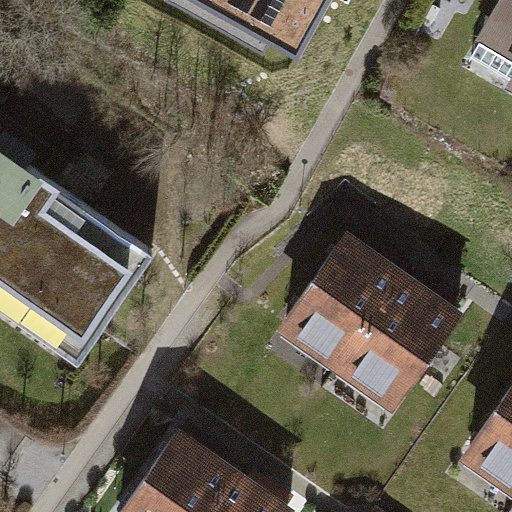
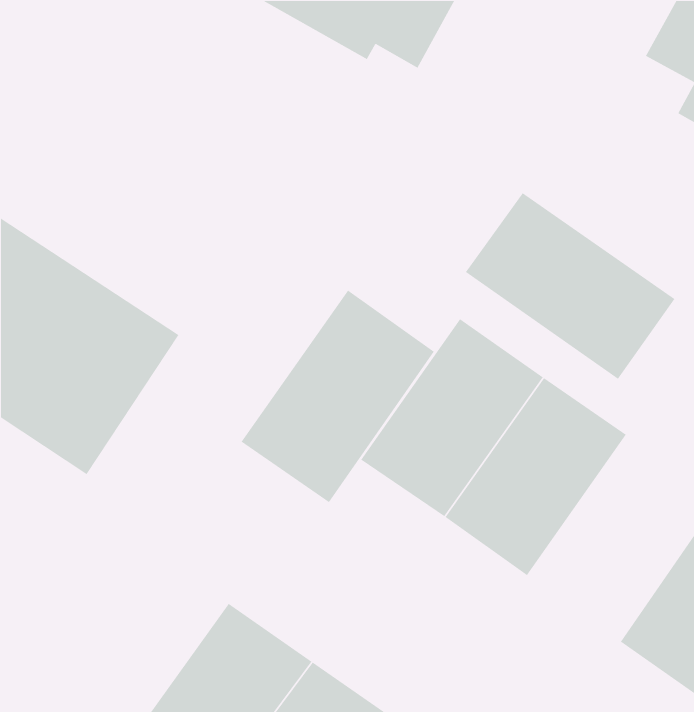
building: none -> [465,192,676,380]
building: none -> [241,290,435,503]

